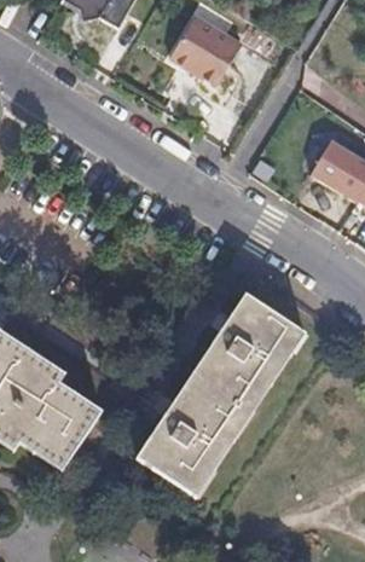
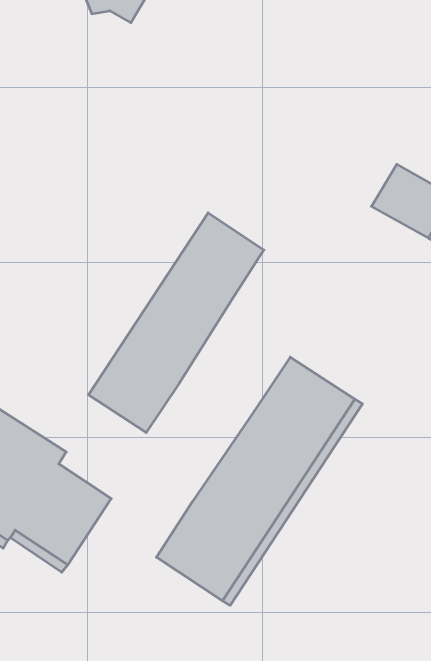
building: [170,16,241,85] -> none
building: none -> [89,213,264,433]

